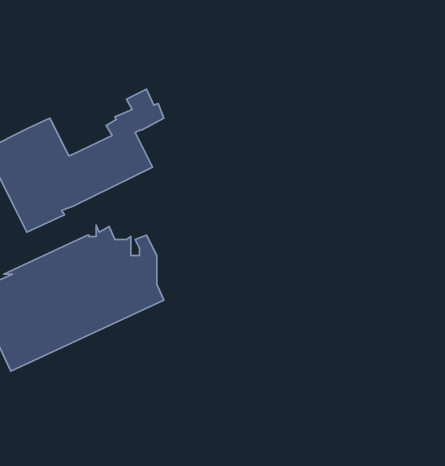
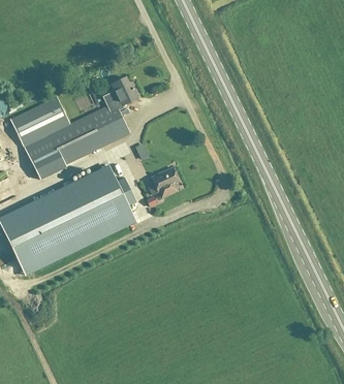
building: none -> [147,166,178,197]

